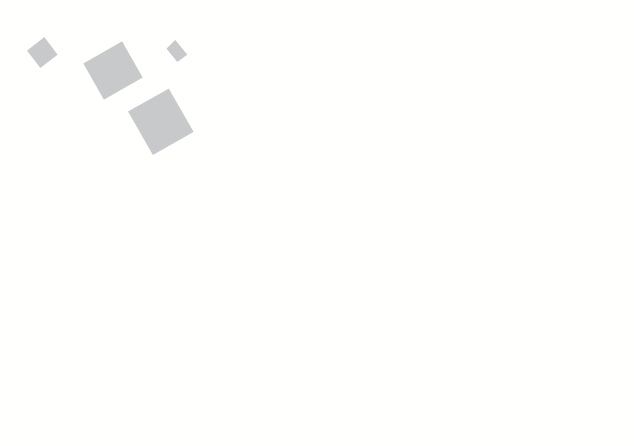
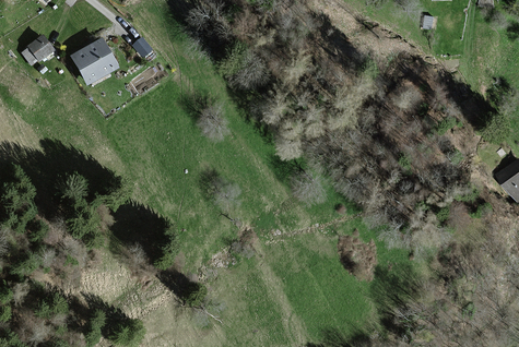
building: [127,87,195,156] -> none

